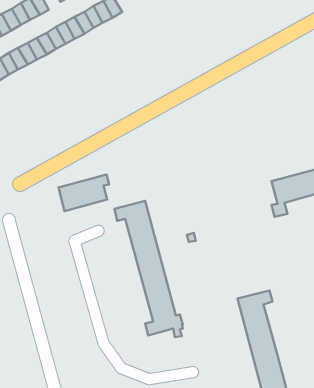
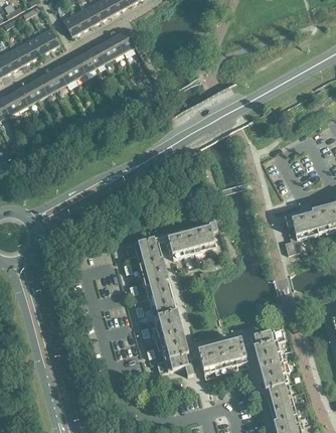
building: [59,174,109,211] -> [167,222,218,259]
building: none -> [198,339,248,379]

